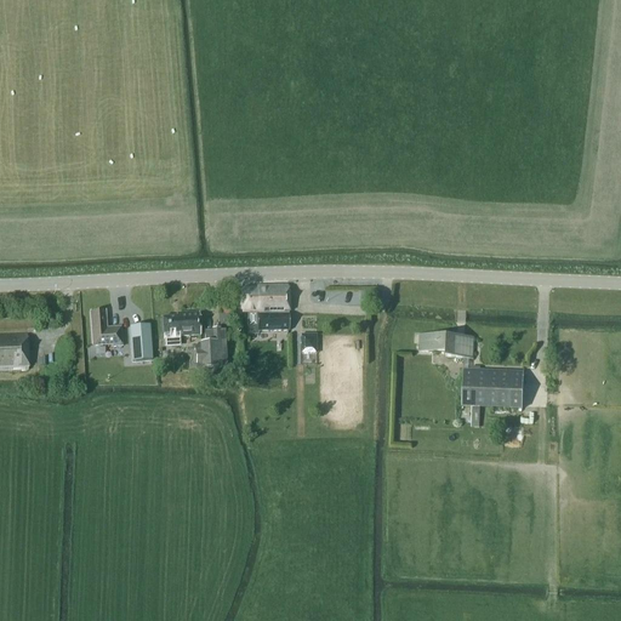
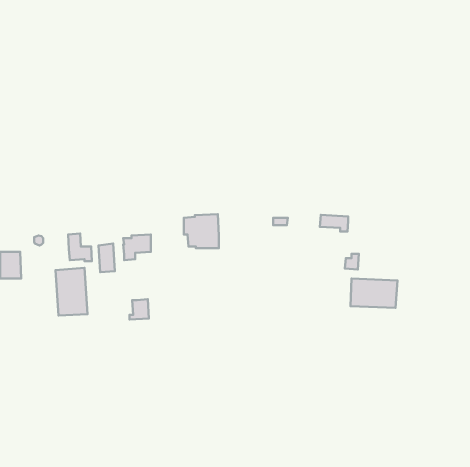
building: [418,332,456,354] -> [320,215,348,231]
building: [196,340,222,366] -> [129,299,149,319]
building: none -> [56,268,87,316]

